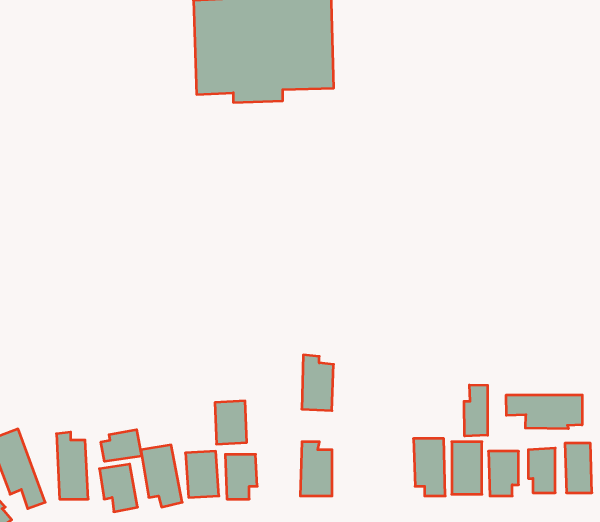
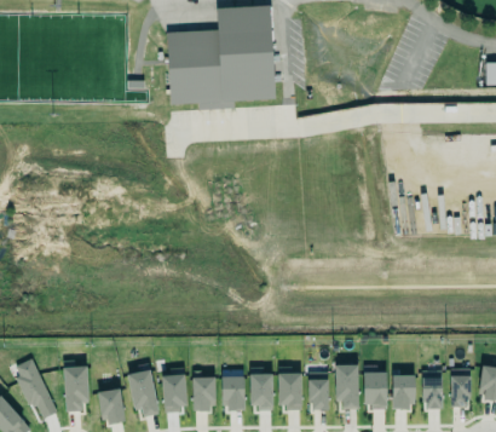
building: [302,355,334,411] -> [278,367,302,409]
building: [464,385,488,436] -> none
building: [506,395,582,429] -> none
building: [215,401,247,444] -> [221,376,246,409]
building: [101,430,141,461] -> none
building: none -> [308,373,329,410]

